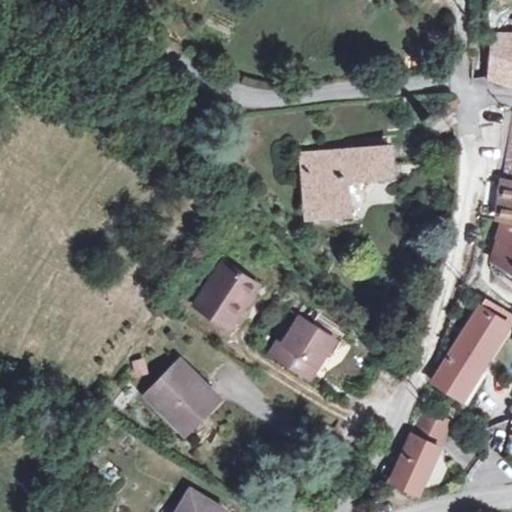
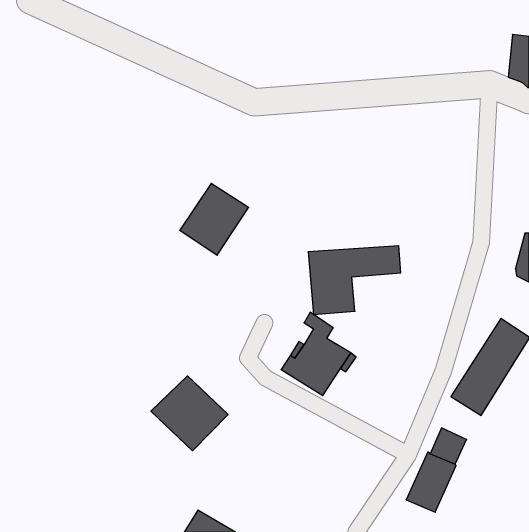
building: [303,149,392,215] -> [308,246,401,314]
building: [194,262,260,331] -> [180,183,249,255]

